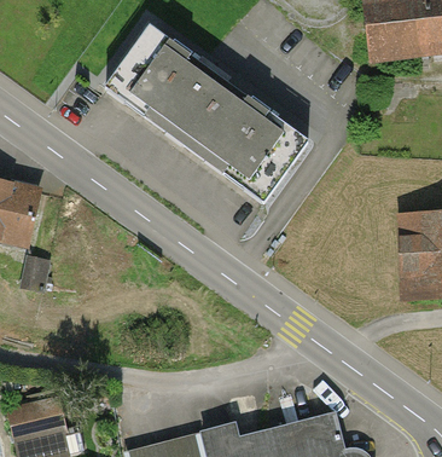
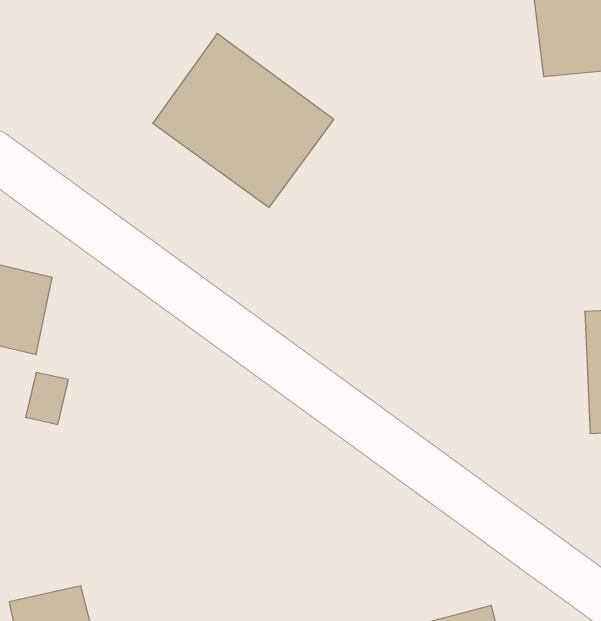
building: [185,83,308,201] -> none

